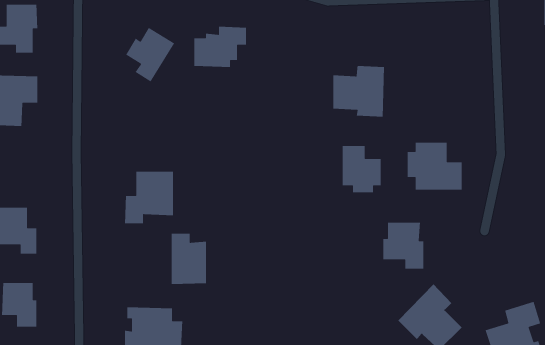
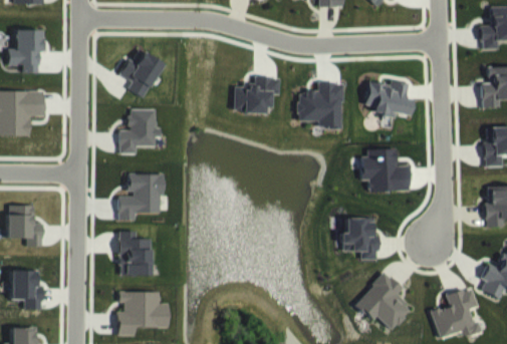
building: [194,26,247,68] -> [233,76,279,112]
building: none -> [365,80,415,116]
building: none -> [117,108,160,153]
building: [342,145,382,193] -> none
building: [171,233,207,285] -> [118,231,150,276]

